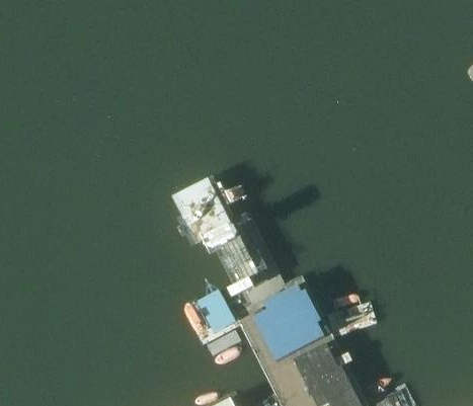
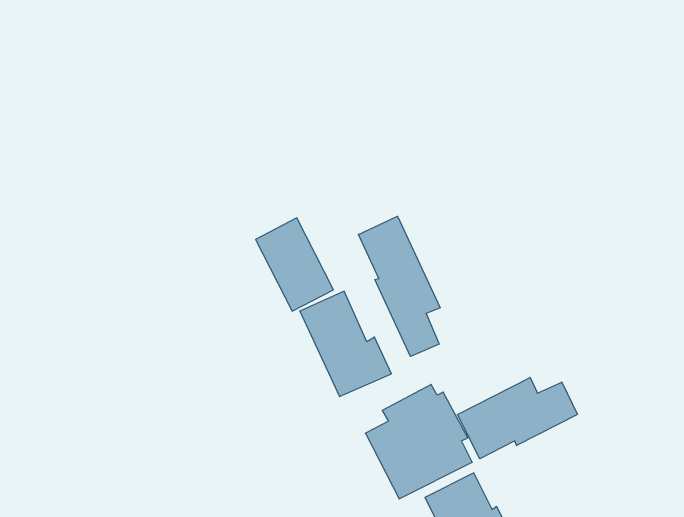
building: none -> [358,216,440,356]
building: none -> [457,377,578,459]

